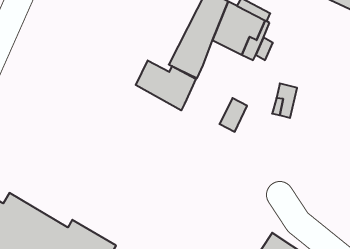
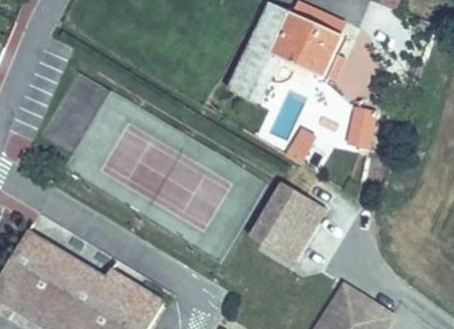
building: [136,60,196,110] -> none
building: none -> [254,189,328,266]

